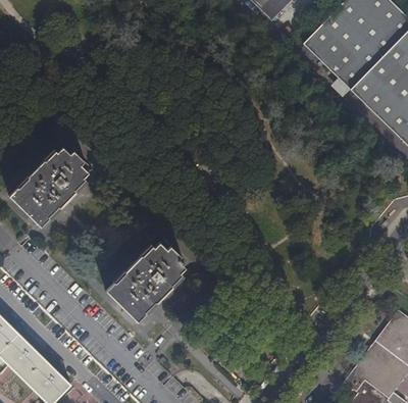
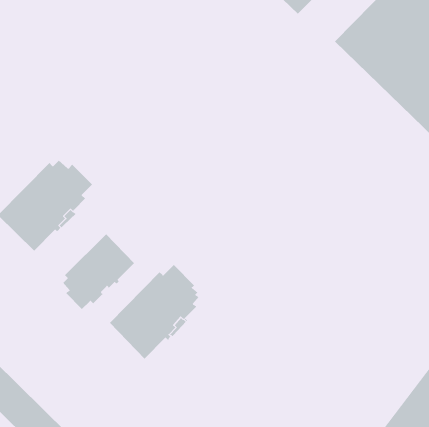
building: none -> [62,233,135,310]

